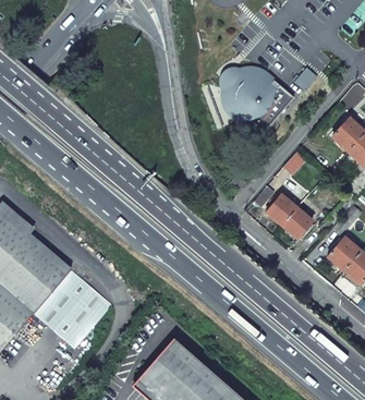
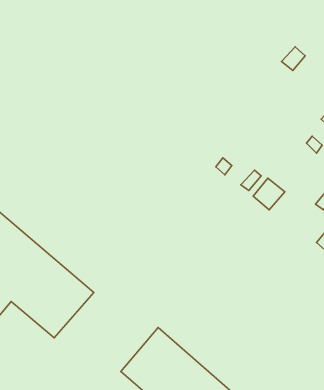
building: [221,65,295,136] -> none
building: [281,207,312,238] -> none

